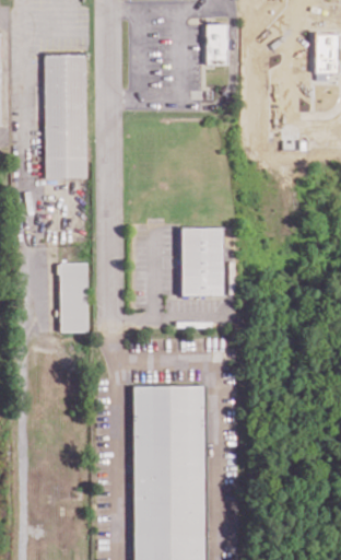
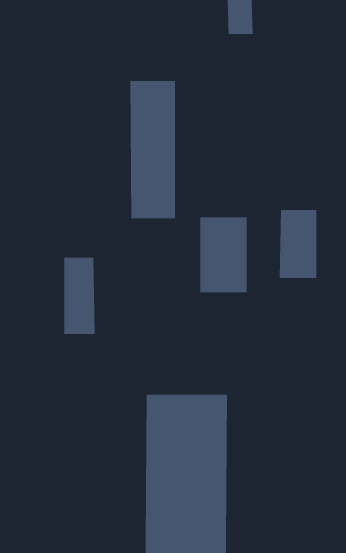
building: [45,55,86,178] -> [129,81,176,219]
building: none -> [279,209,317,279]

